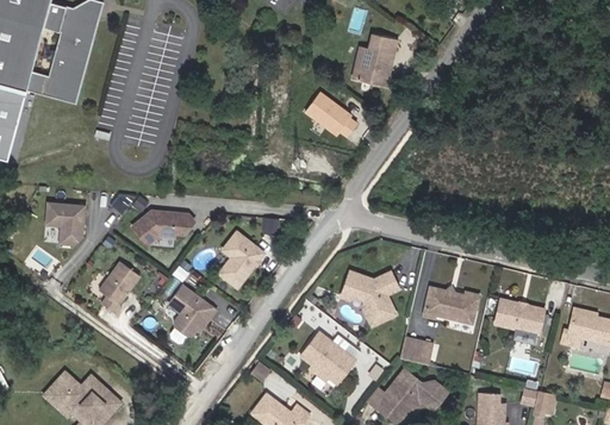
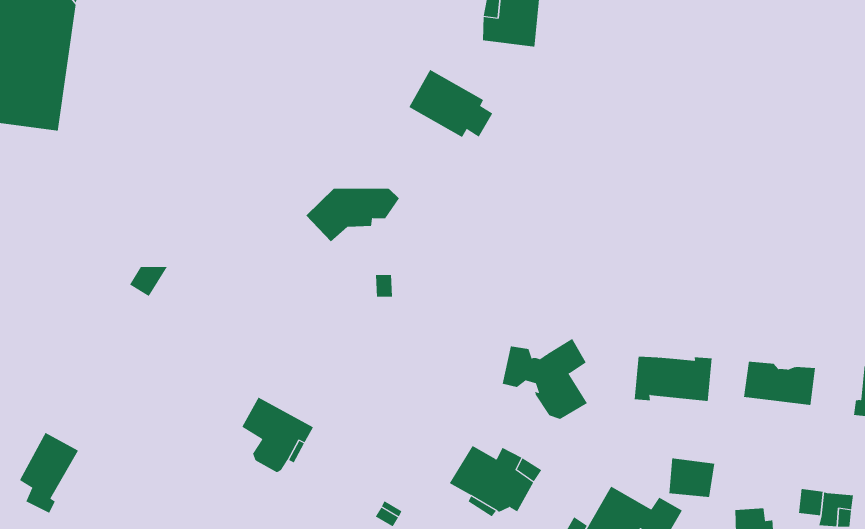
building: [44,201,85,243] -> none
building: [131,207,193,242] -> [305,188,400,242]
building: [220,231,264,286] -> none
building: [99,260,139,312] -> [19,432,79,514]
building: [399,336,431,364] -> [669,458,715,498]

